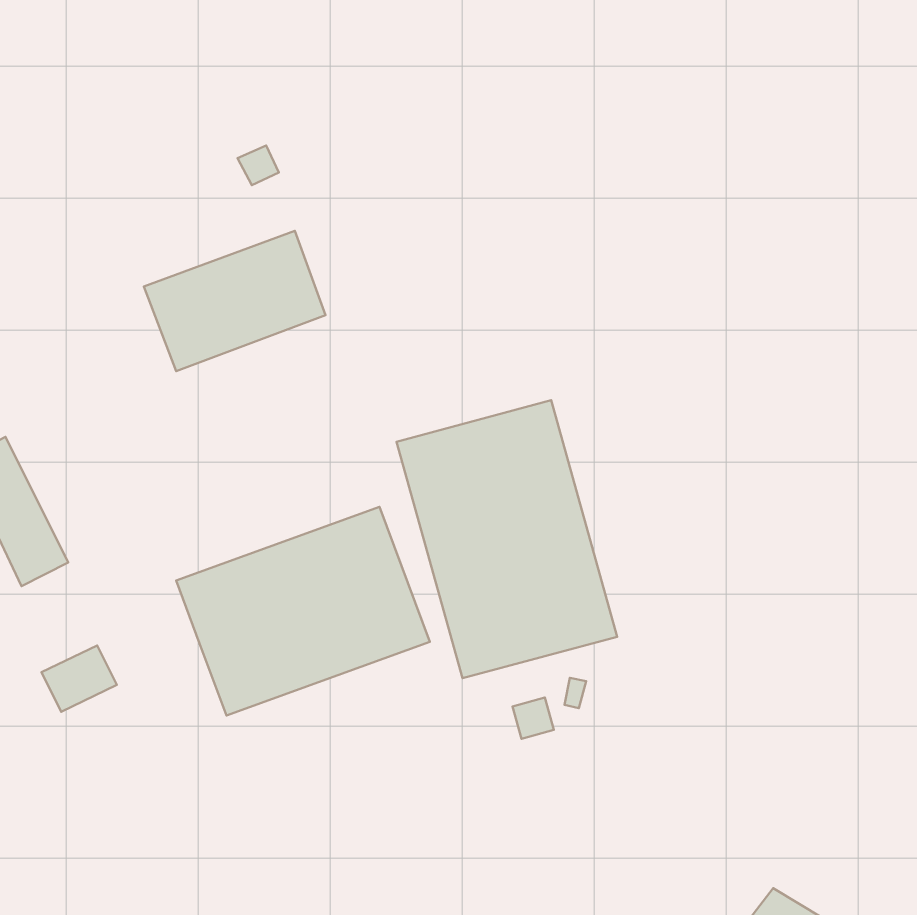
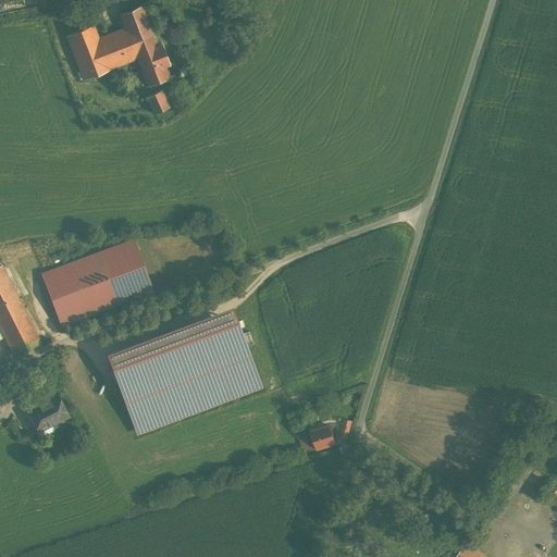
building: none -> [65,8,171,88]
building: [144,231,325,371] -> [41,242,151,326]
building: [397,400,617,678] -> none

